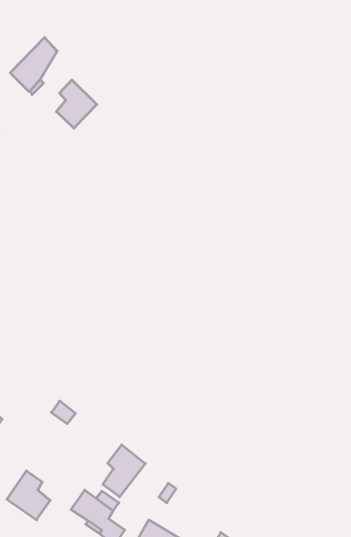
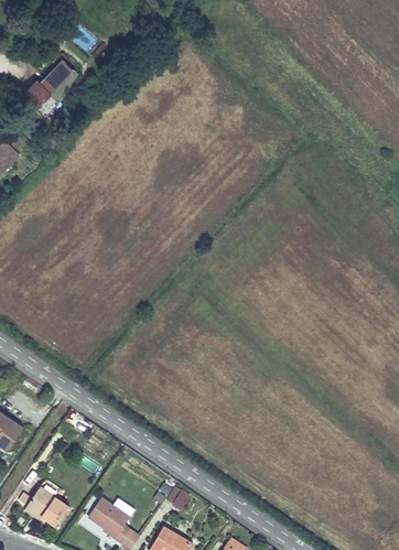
building: [56,80,97,128] -> none
building: [103,445,145,497] -> none

